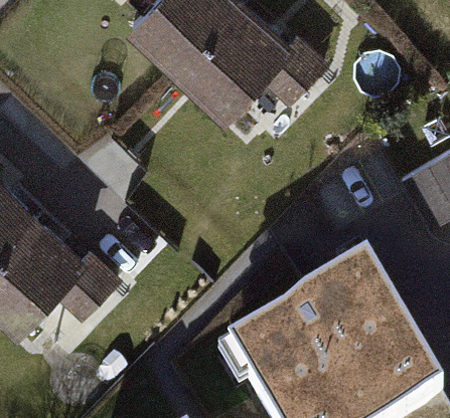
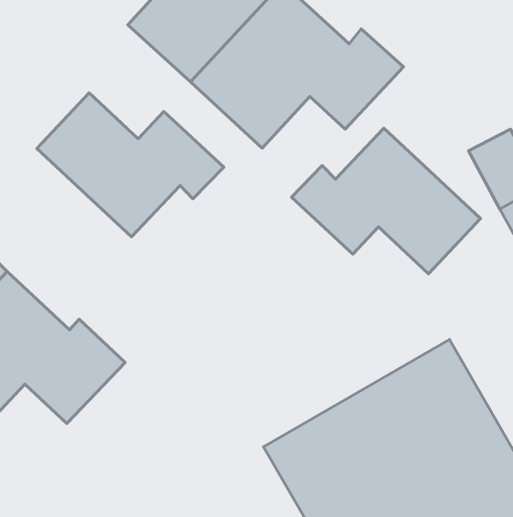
building: none -> [37,93,224,237]
building: none -> [292,128,481,274]

